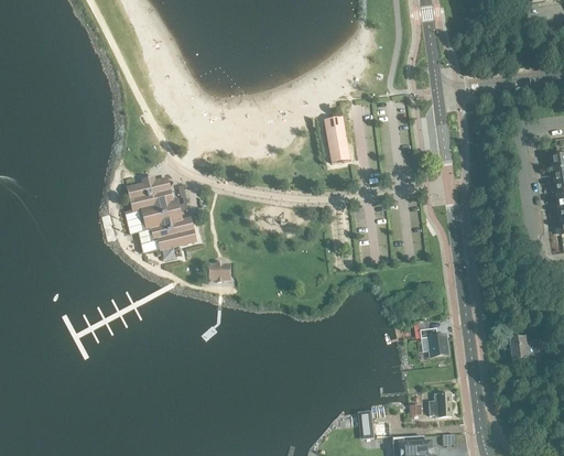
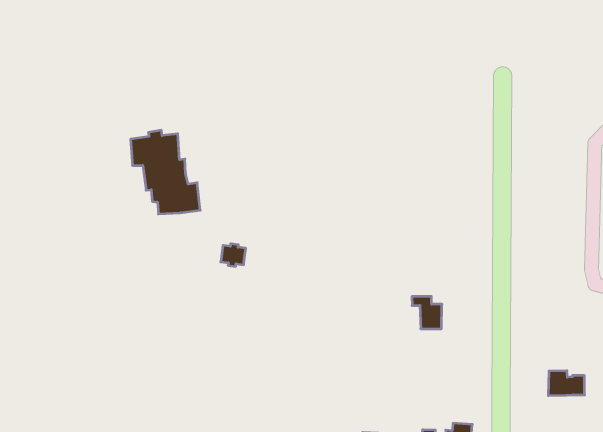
building: [324,115,350,162] -> none
building: [419,328,447,357] -> [412,296,442,329]

